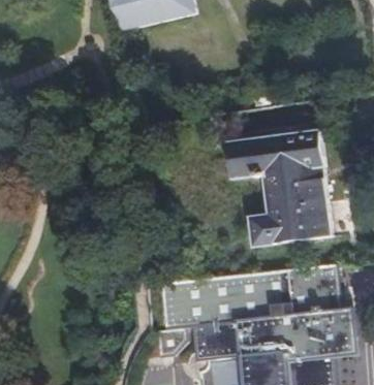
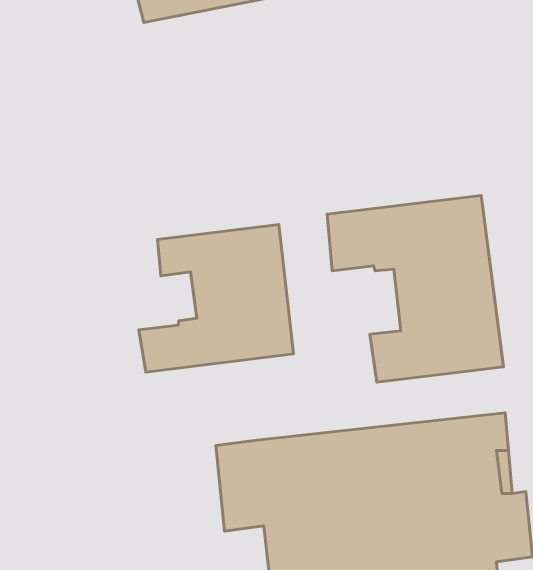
building: none -> [139,224,294,372]

